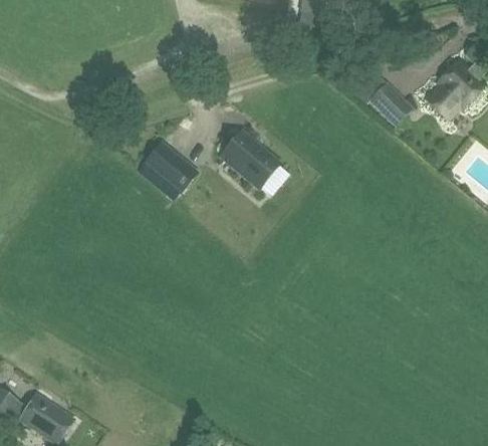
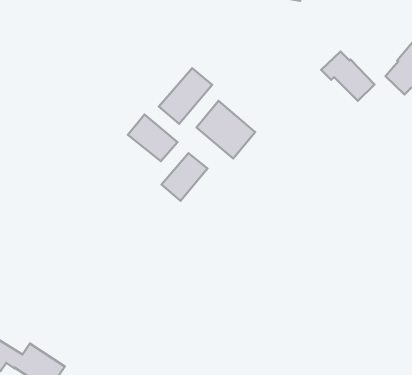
building: none -> [159,68,212,124]
building: none -> [161,153,207,201]

